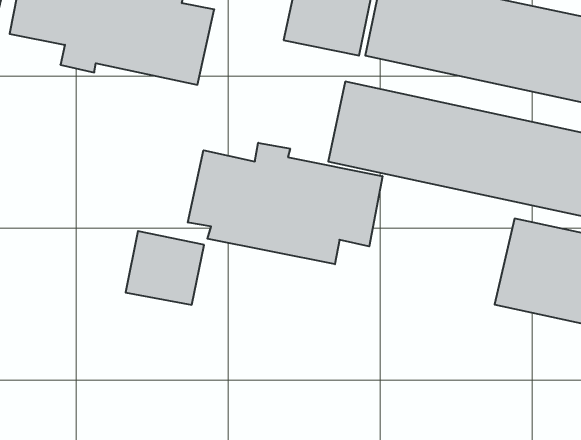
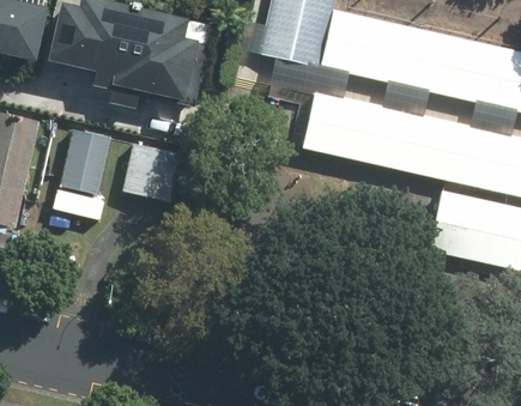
building: none -> [61,127,113,189]
building: [188,143,382,264] -> none
building: [126,231,204,305] -> [125,138,186,195]

